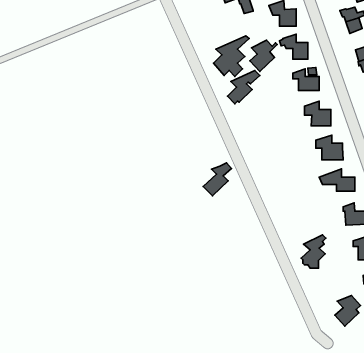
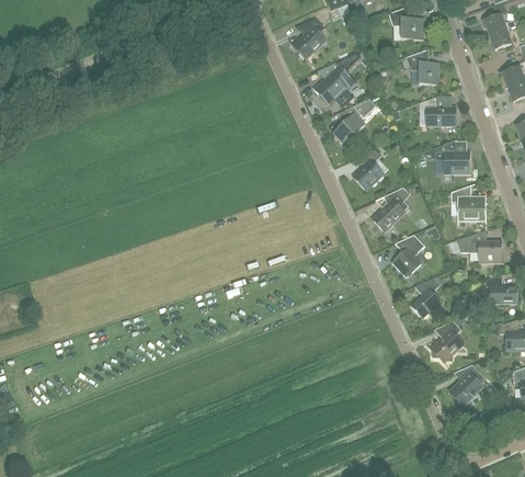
building: [250,40,277,72] -> [293,16,329,58]
building: none -> [352,148,381,188]
building: [203,163,231,196] -> [372,186,409,230]
building: none -> [390,234,423,276]
building: none -> [410,277,440,317]
building: [335,295,360,326] -> [449,364,483,405]

